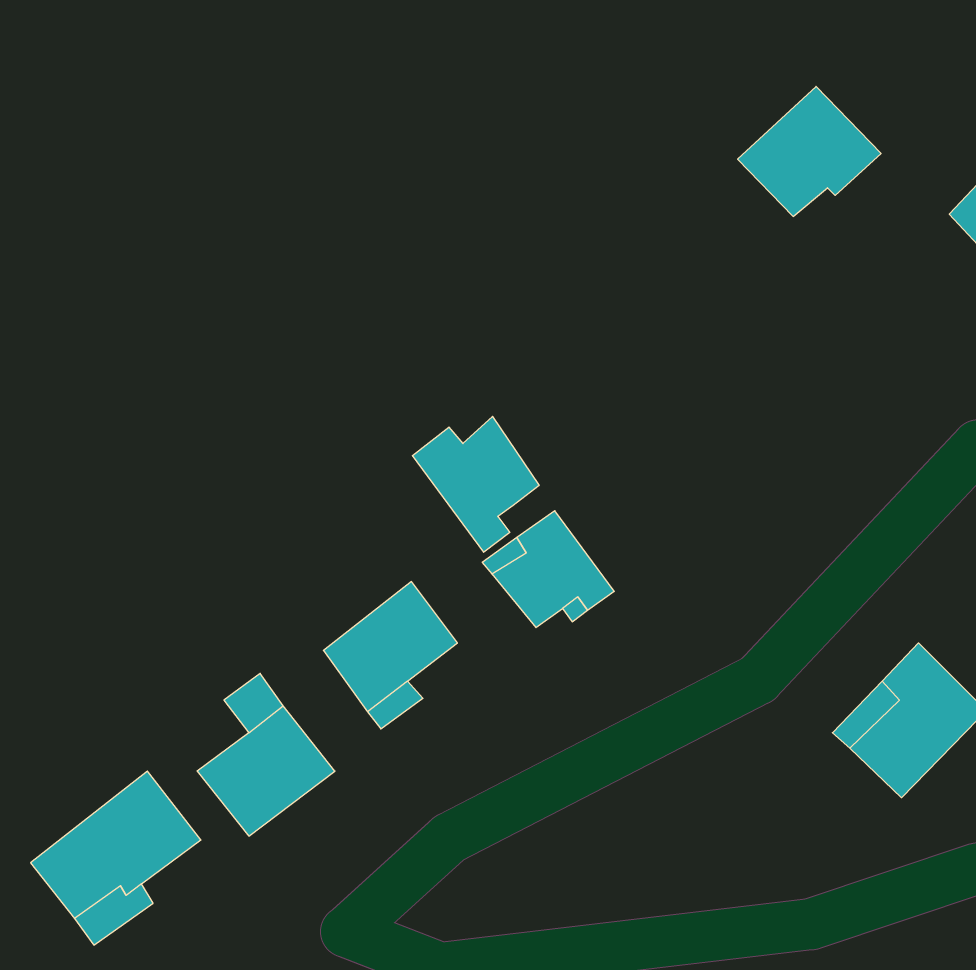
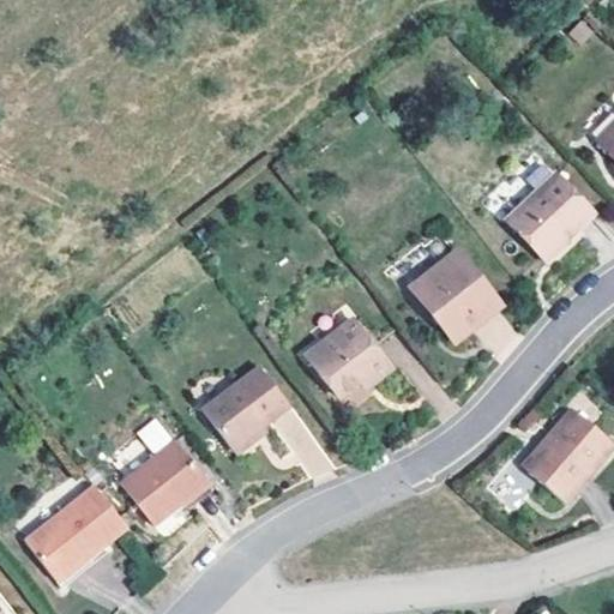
building: [738,86,881,216] -> [506,171,596,253]
building: none -> [403,252,493,339]
building: [412,416,539,552] -> none

